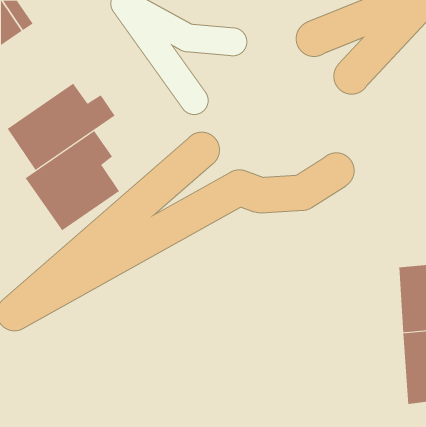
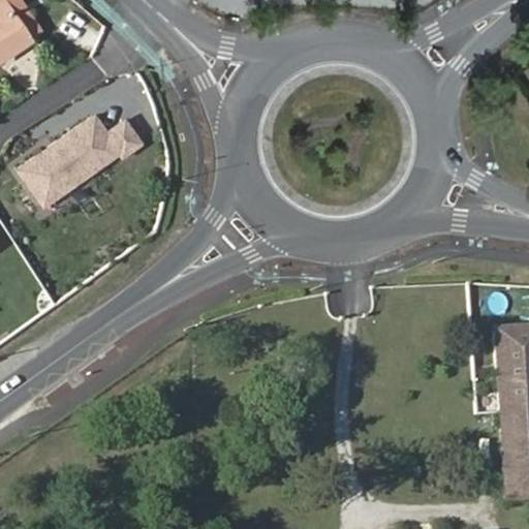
building: [25,130,120,231] -> none

